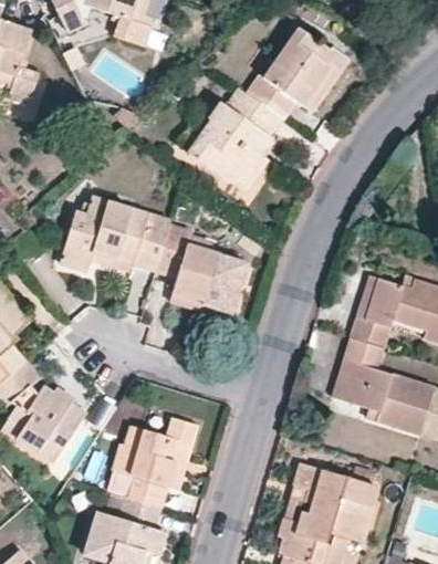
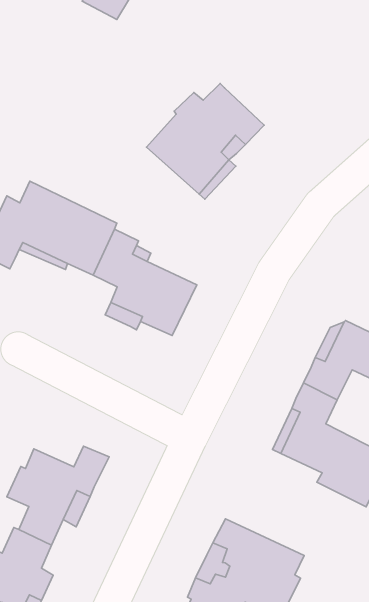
building: [244,27,351,121] -> none

